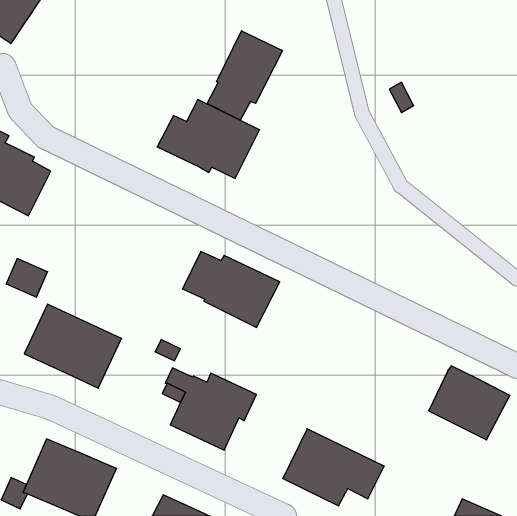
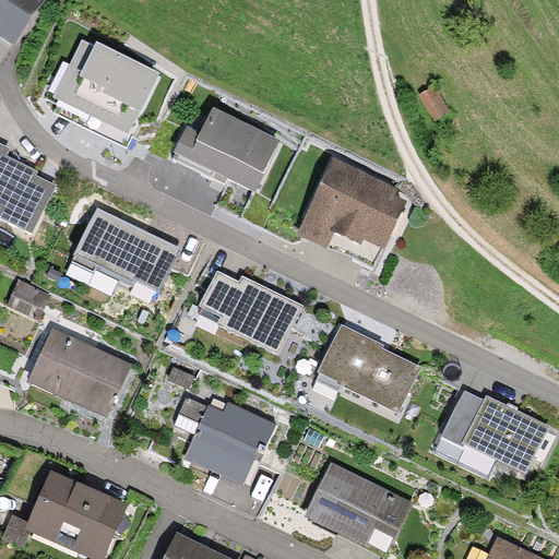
building: [207,31,283,120] -> none
building: none -> [55,39,158,144]
building: none -> [296,158,403,265]
building: none -> [70,206,181,292]
building: none -> [318,323,419,413]
building: none -> [440,390,483,449]

